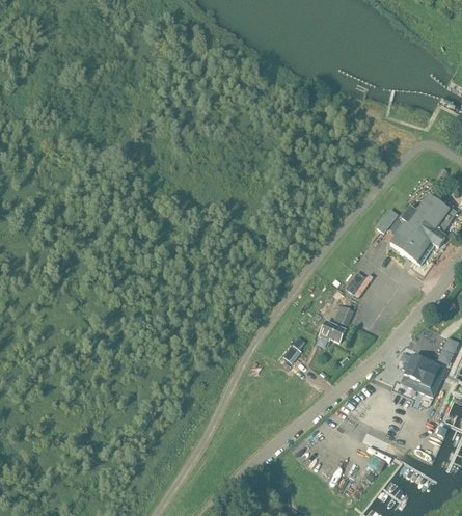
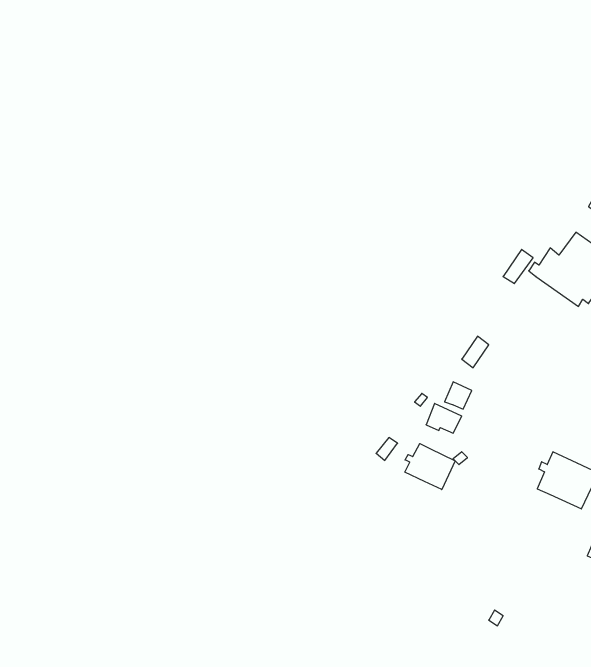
building: [390,226,431,264] -> none
building: none -> [405,444,455,490]

